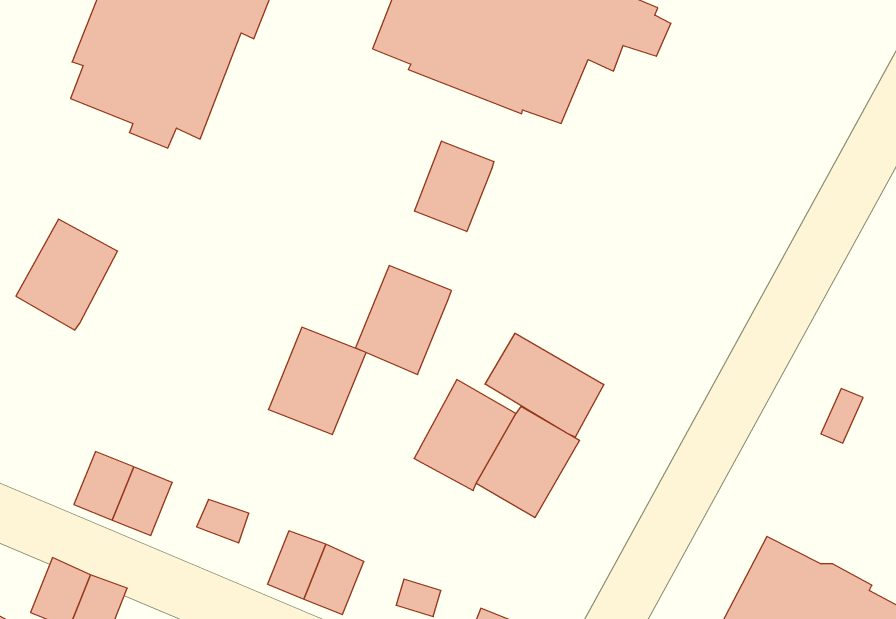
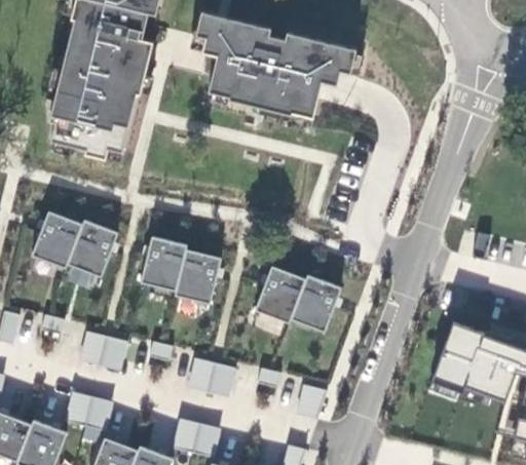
building: [415,141,494,232] -> none
building: none -> [69,218,119,275]
building: [356,266,451,375] -> [142,234,188,289]
building: [485,333,604,437] -> none

